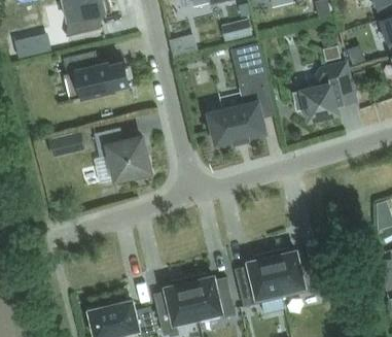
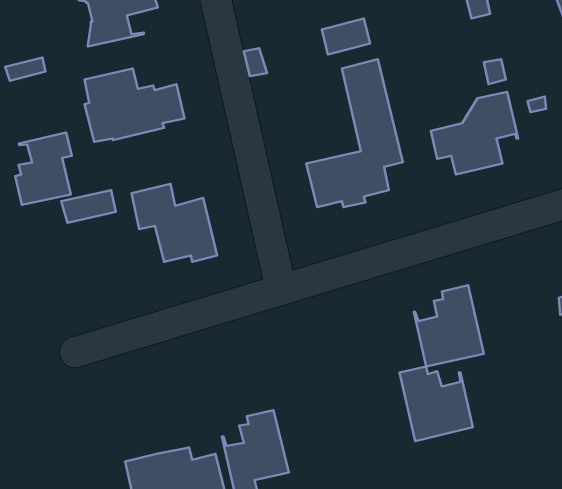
building: none -> [15,133,72,205]
building: [235,252,281,306] -> [414,285,484,366]
building: [187,273,235,318] -> none

